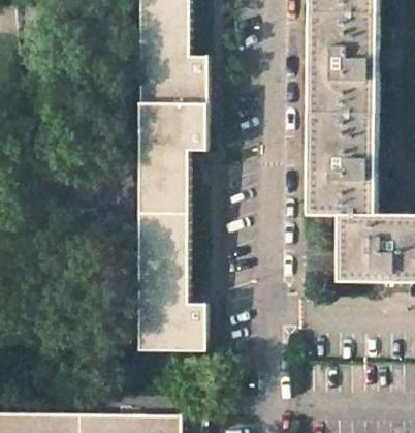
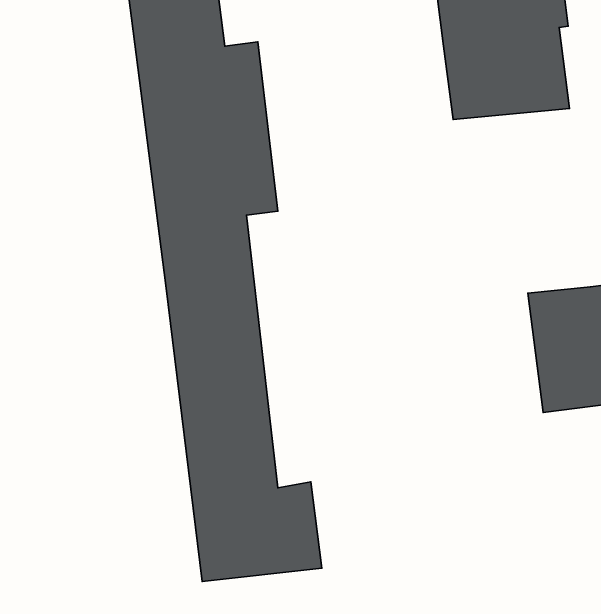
building: [308,113,379,215] -> none

